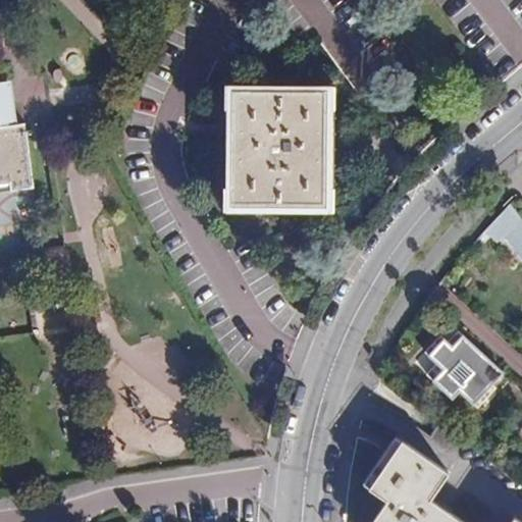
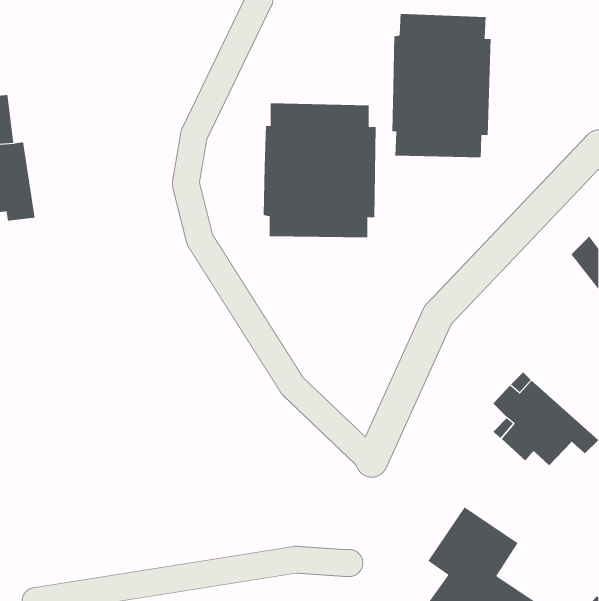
building: none -> [392,13,491,158]

